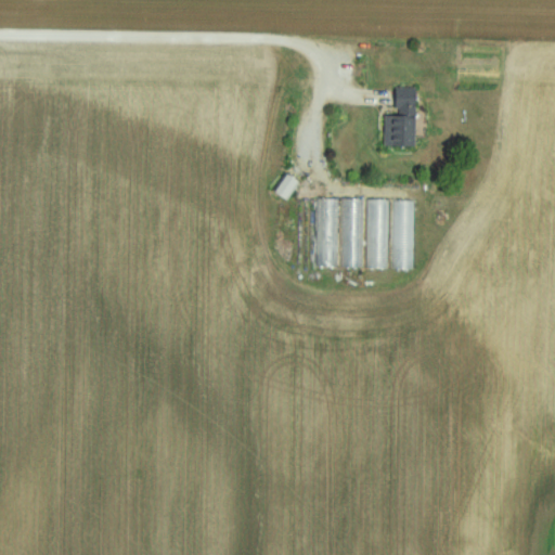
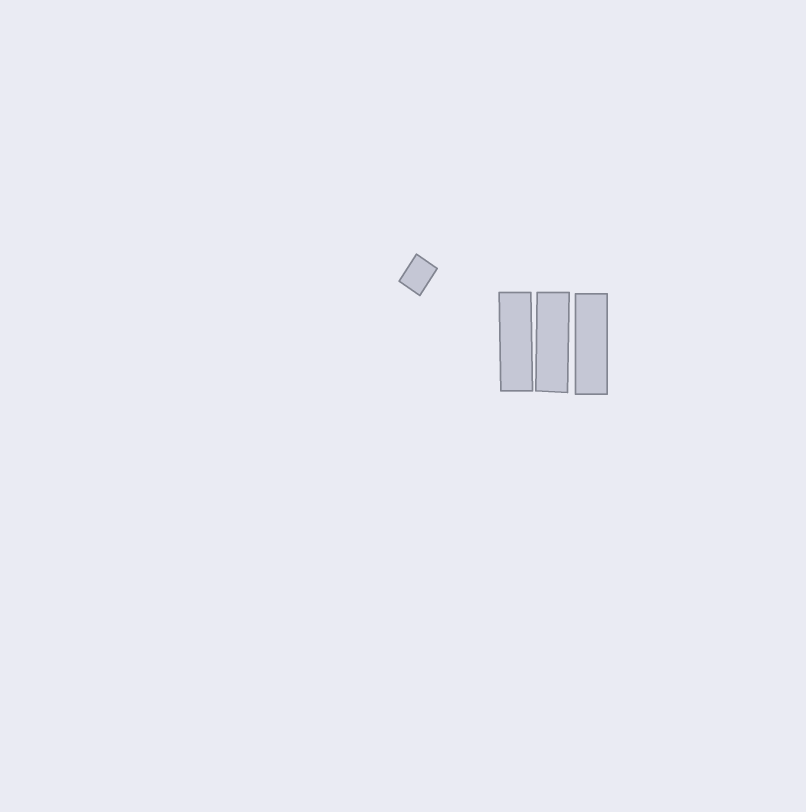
building: [384,87,416,147] -> none
building: [314,199,338,268] -> none

